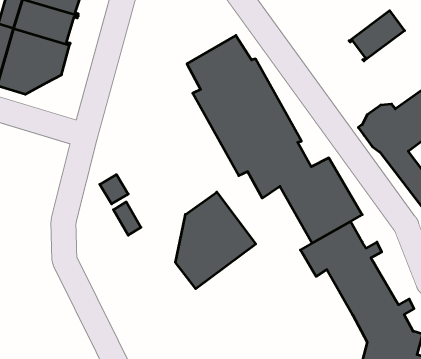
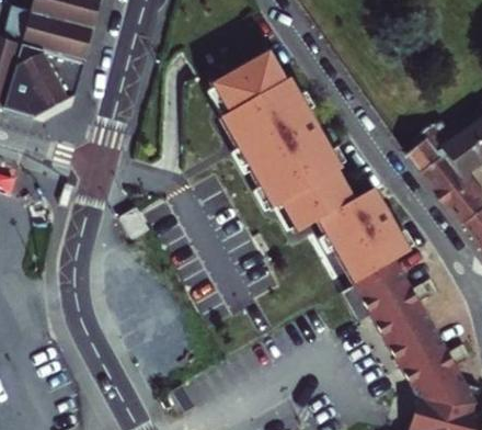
building: [349,11,405,61] -> none
building: [175,192,256,289] -> none

